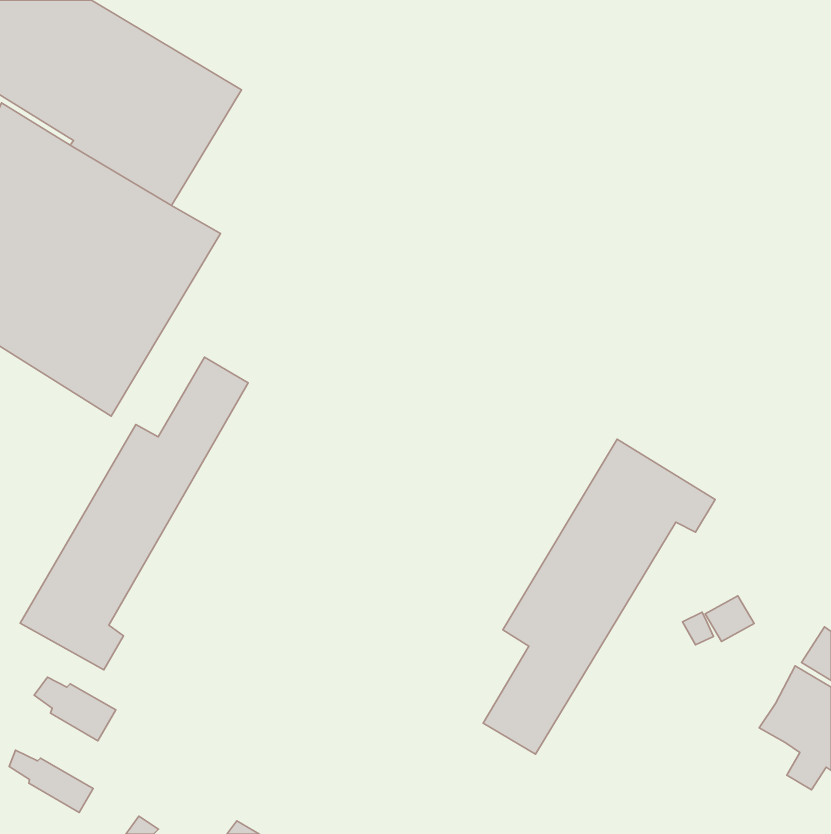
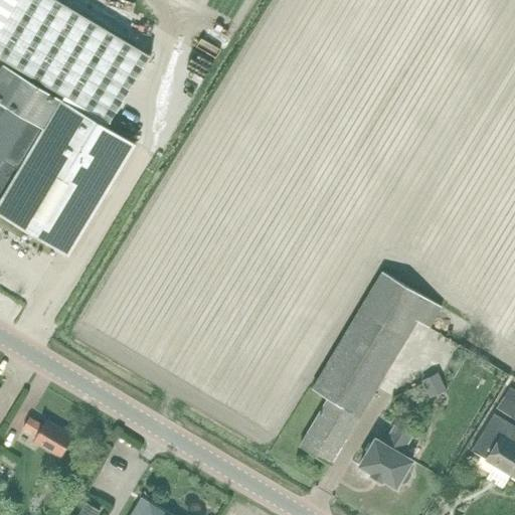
building: [20,357,248,670] -> none
building: none -> [359,426,410,486]
building: [9,750,93,812] -> none

